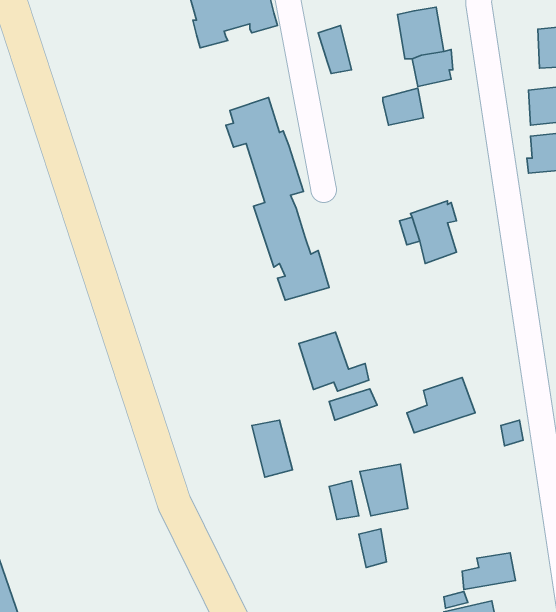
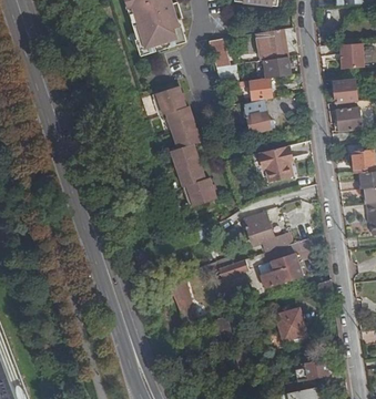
building: none -> [242,105,270,135]
building: [299,332,369,391] -> [244,216,286,252]
building: [360,464,408,516] -> [277,307,306,338]

